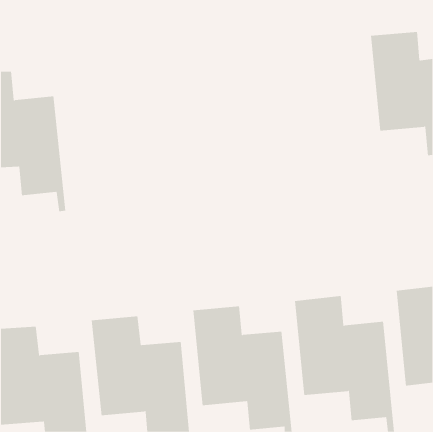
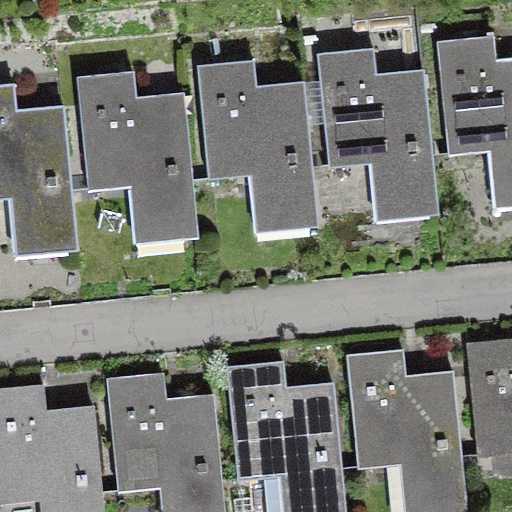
building: none -> [318,49,438,216]
building: none -> [198,60,318,234]
building: none -> [78,72,198,238]

